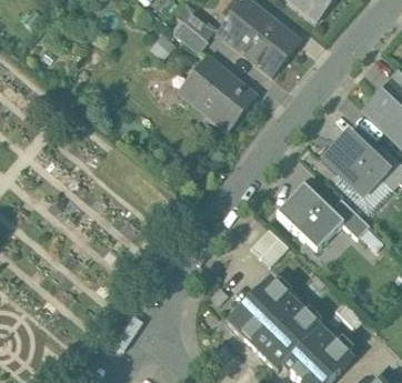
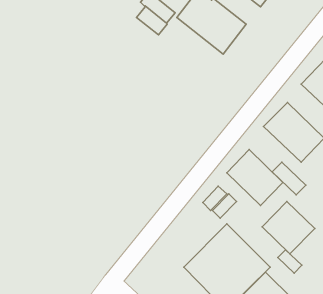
building: [180,56,257,129] -> none
building: none -> [262,202,315,254]

